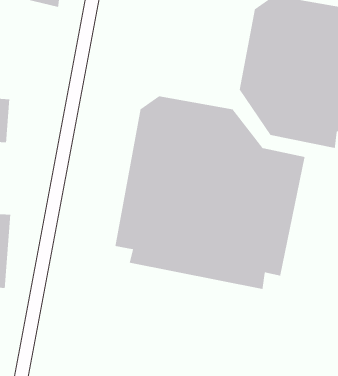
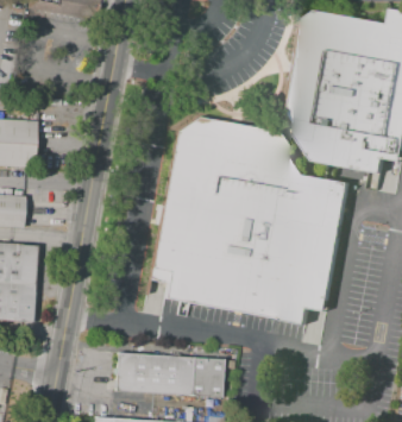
building: none -> [106,352,225,398]

